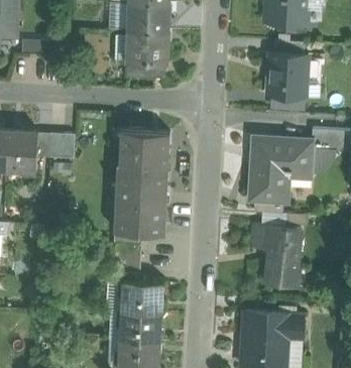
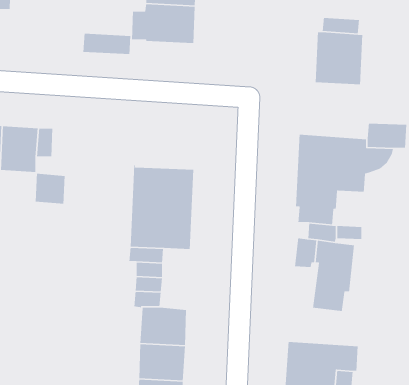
building: [125,62,165,80] -> [83,33,131,55]
building: [118,130,168,167] -> none
building: [48,133,74,159] -> [35,173,65,205]

